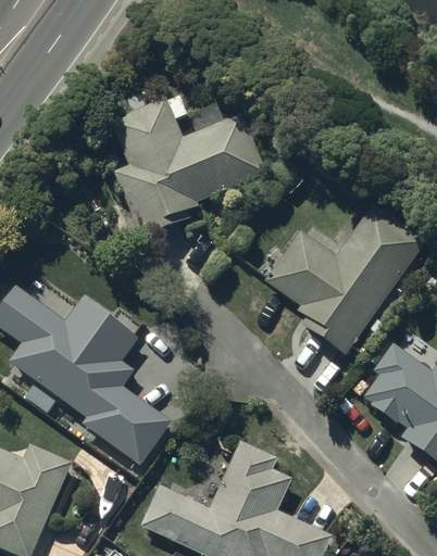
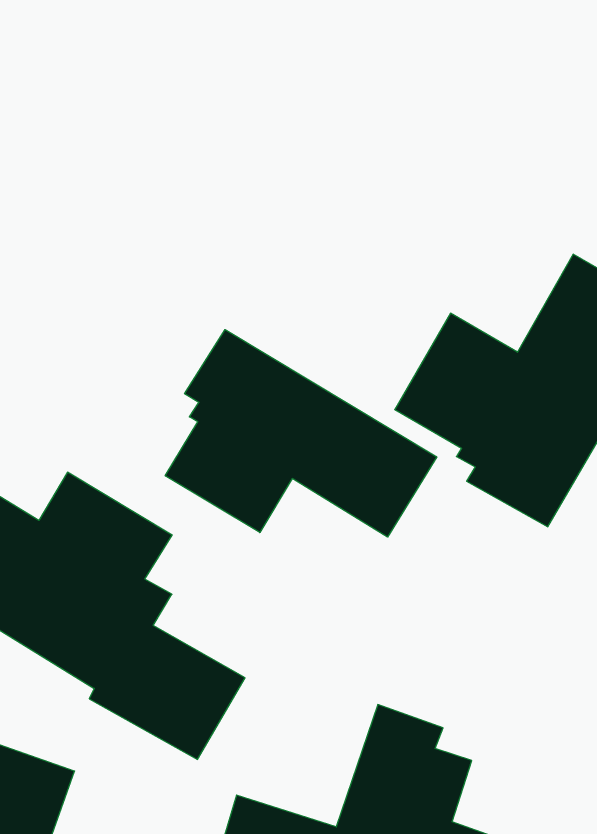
building: [112,97,263,239] -> none
building: none -> [165,330,437,537]

